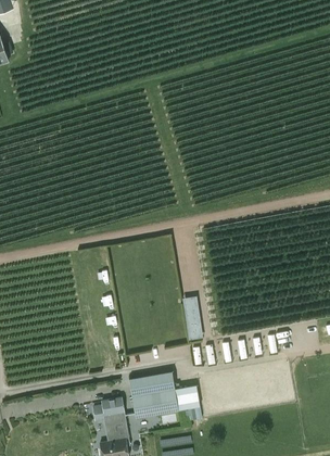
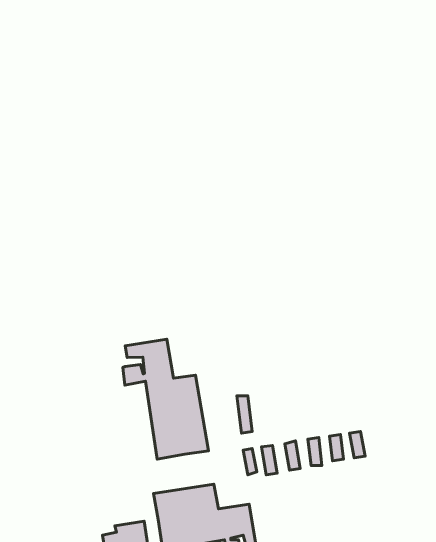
building: none -> [123,339,208,459]

